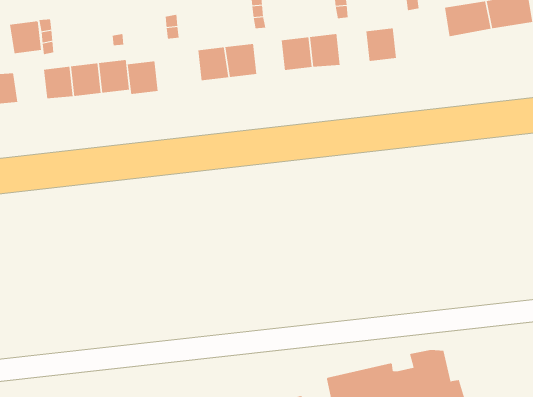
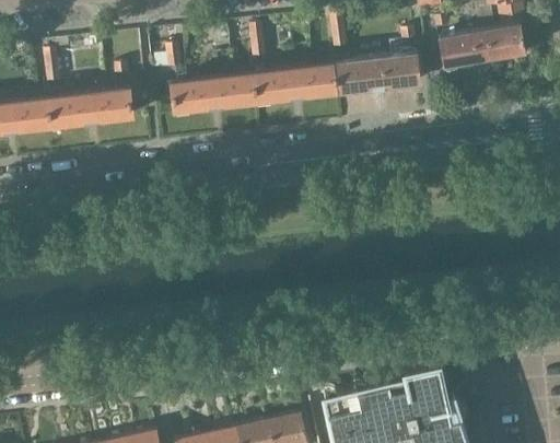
building: [9,20,42,54] -> [20,95,51,128]
building: none -> [388,53,419,85]
building: none -> [334,59,364,92]
building: none -> [253,68,282,101]
building: [127,61,159,95] -> [171,78,201,110]

